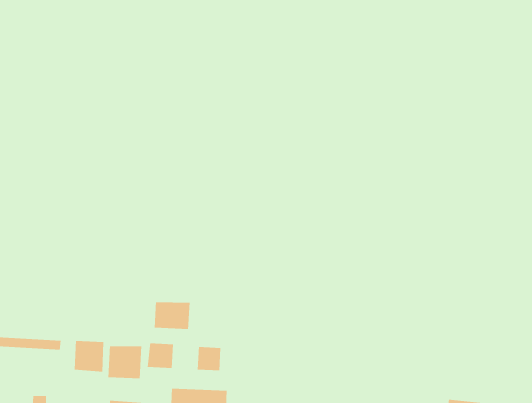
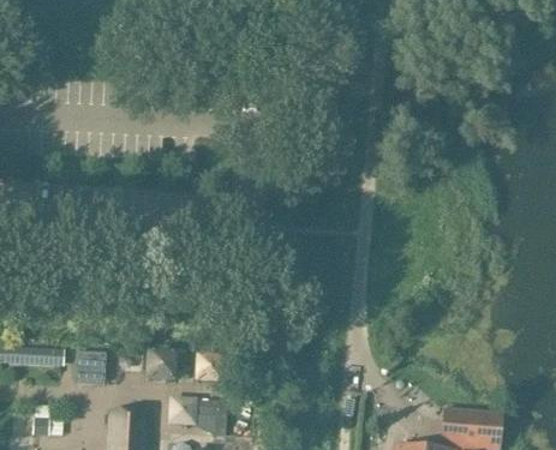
building: [154,301,190,330] -> none
building: [108,345,142,379] -> none

